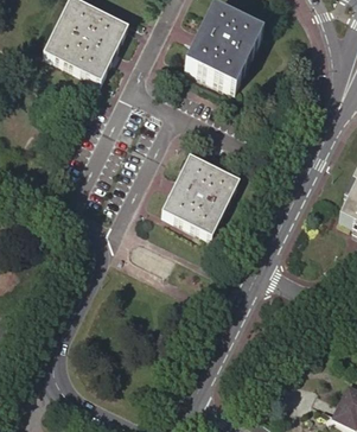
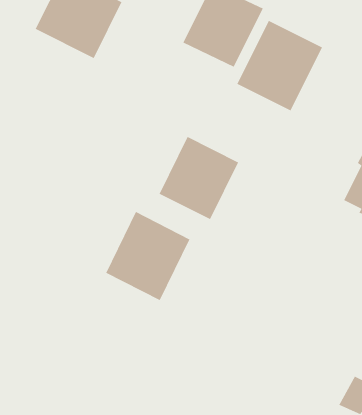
building: none -> [236,20,323,111]
building: none -> [105,211,190,301]

